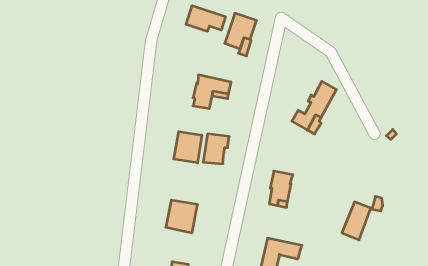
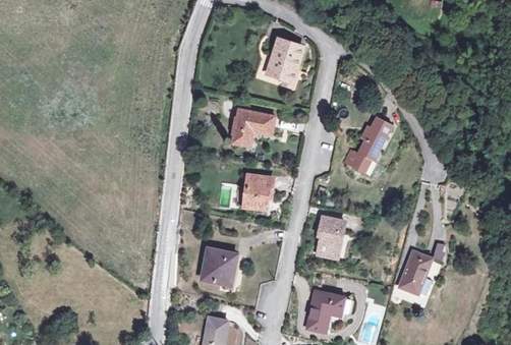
building: [186,6,225,31] -> none
building: [174,132,202,163] -> none

